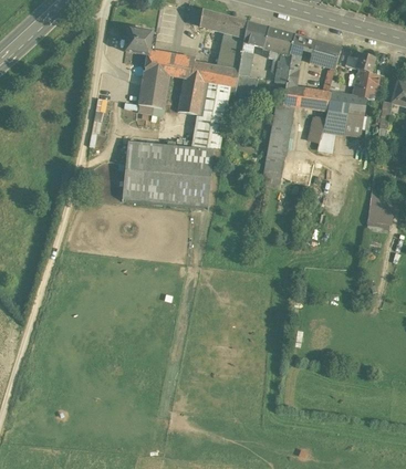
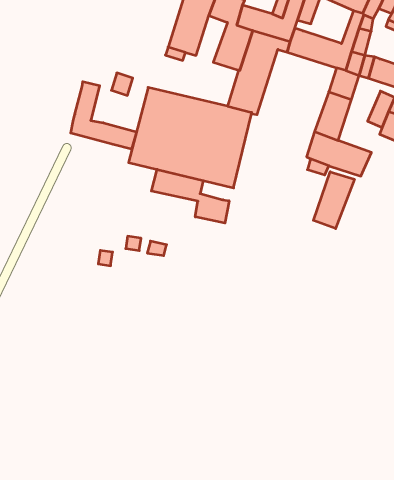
building: none -> [71,82,137,149]
building: none -> [313,172,354,229]
building: none -> [151,169,229,223]

